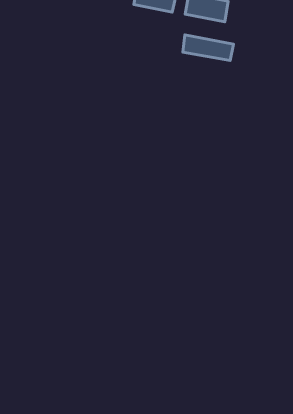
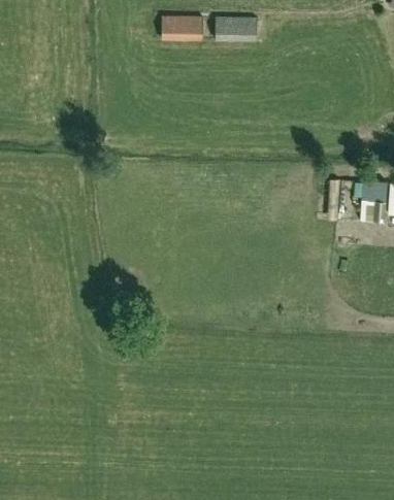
building: [183,35,233,61] -> none

